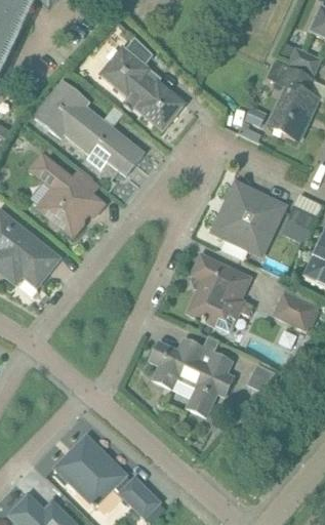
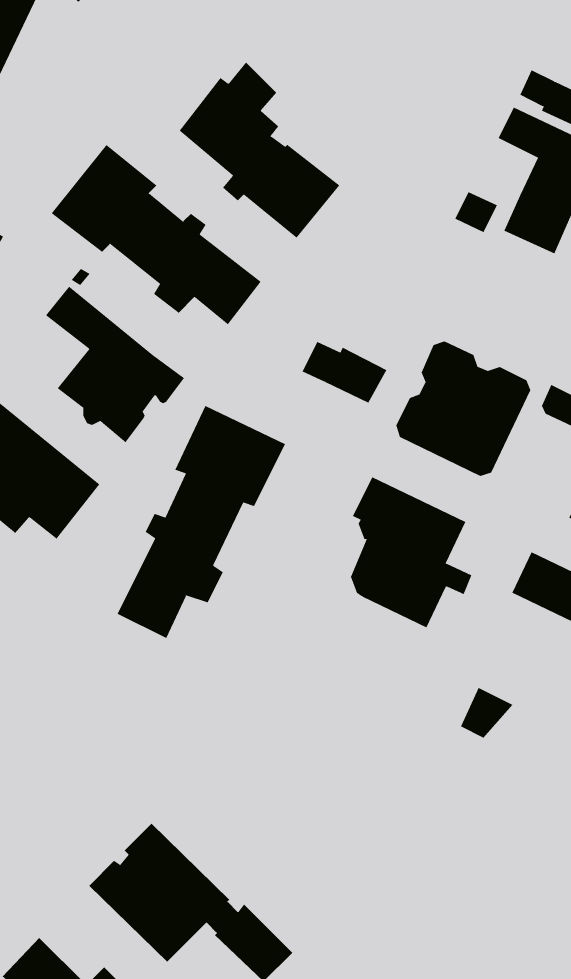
building: none -> [302,341,387,404]
building: none -> [117,405,286,639]
building: [150,337,234,416] -> none

